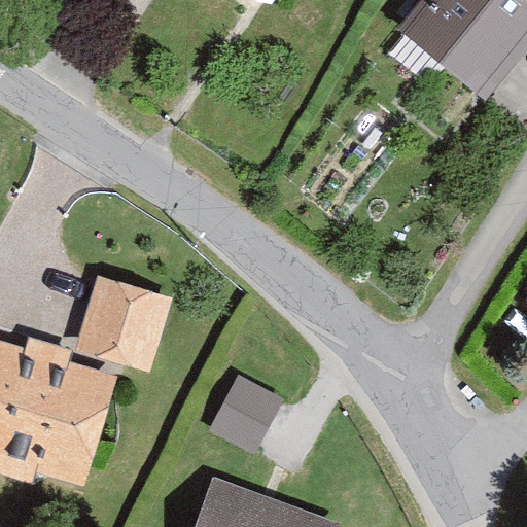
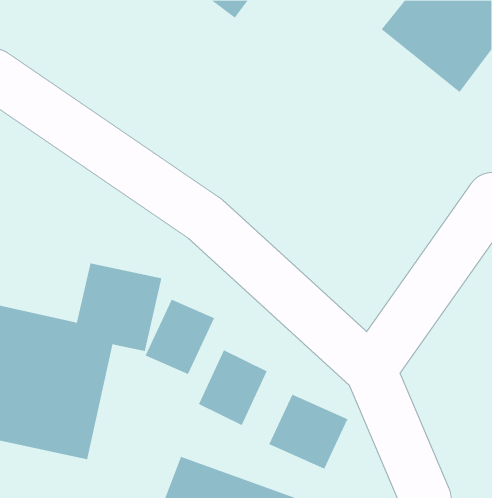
building: none -> [145,299,215,375]
building: none -> [268,394,348,470]

